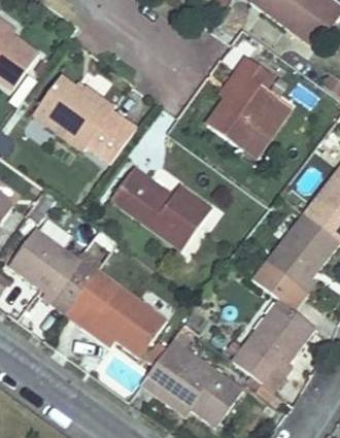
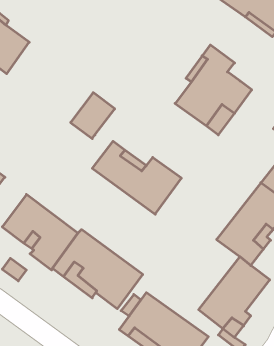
building: [32,75,114,150] -> none

